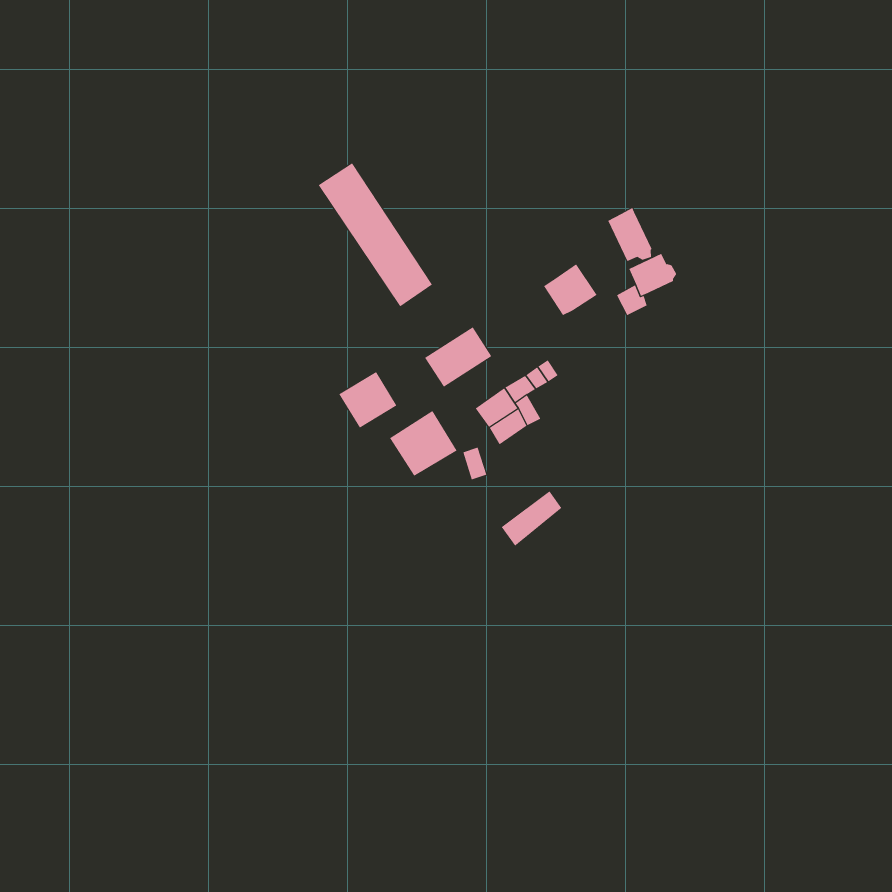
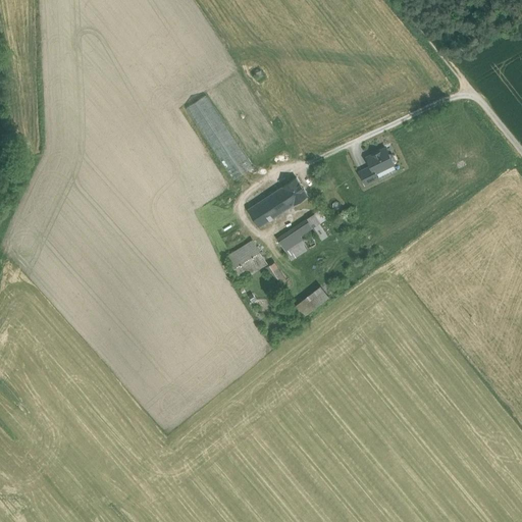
building: [607,207,652,262] -> none
building: [543,264,597,316] -> [276,177,308,208]
building: [339,371,397,429] -> none

